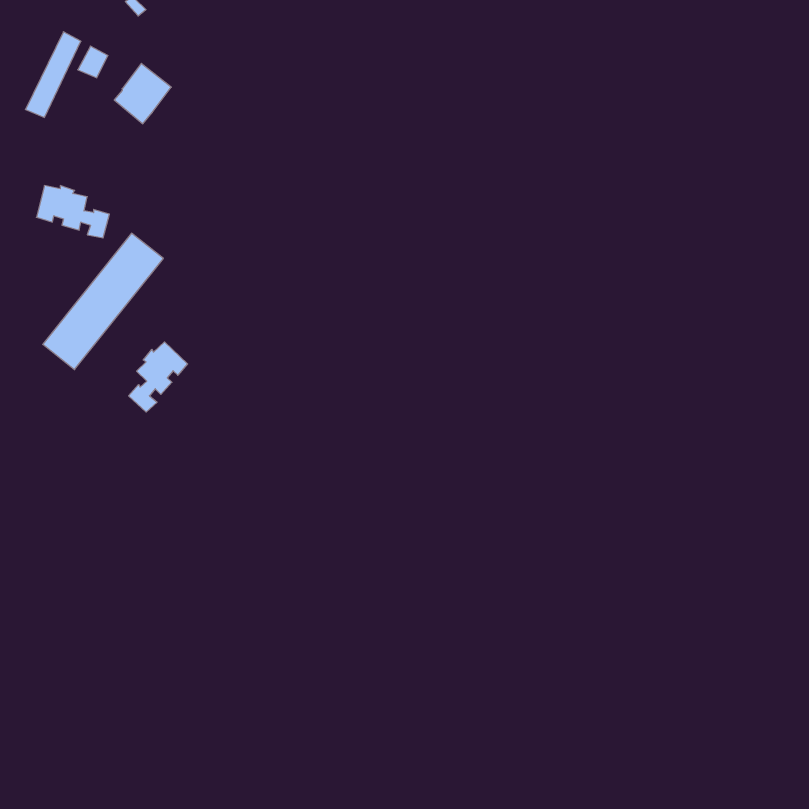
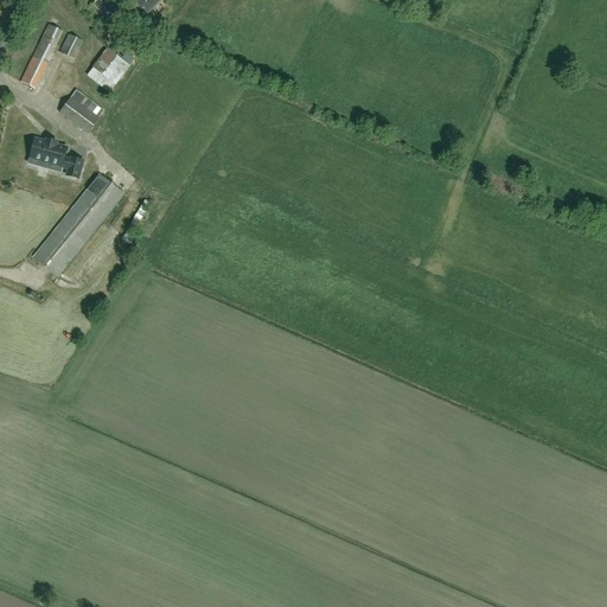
building: none -> [58,89,102,133]
building: [129,342,188,412] -> none

